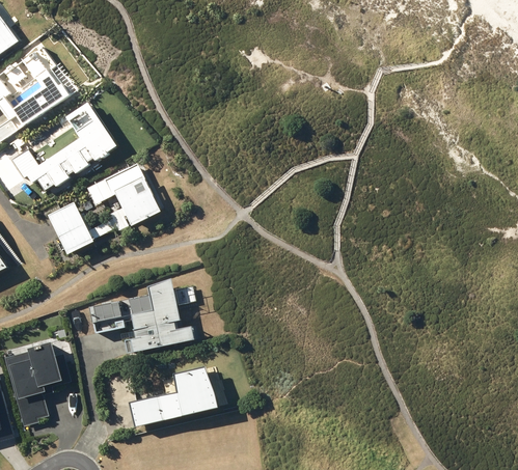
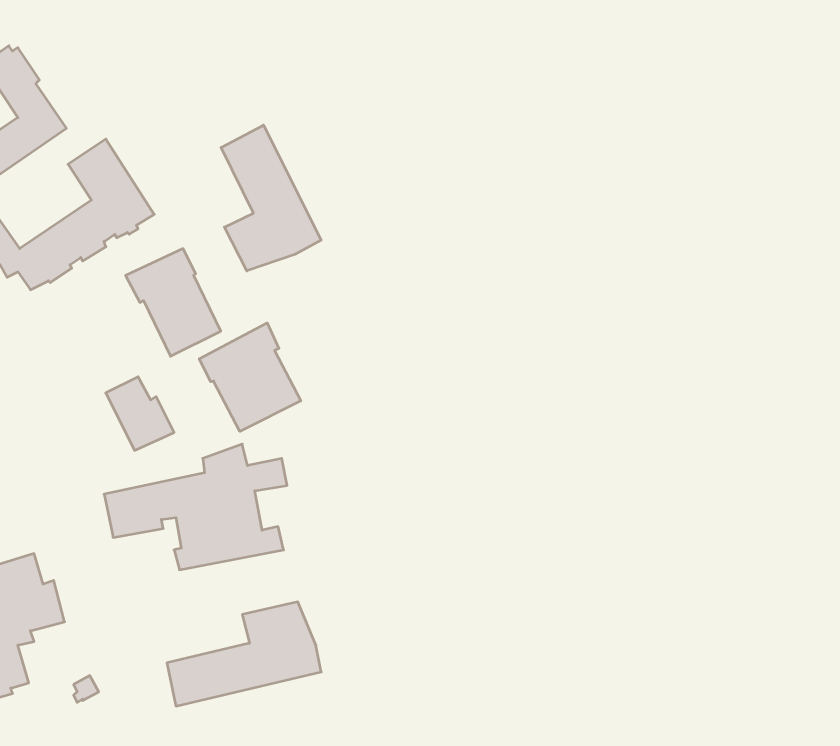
building: none -> [221,125,321,271]
building: [51,202,90,245] -> [106,377,174,450]
building: none -> [199,323,301,431]

